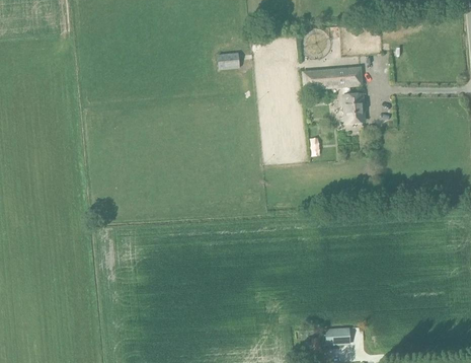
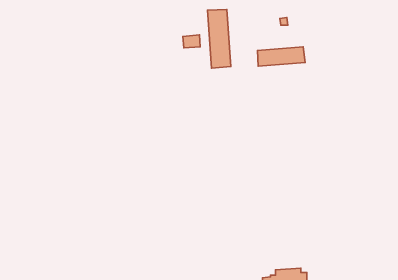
building: none -> [207,10,231,68]
building: [343,89,361,120] -> none

